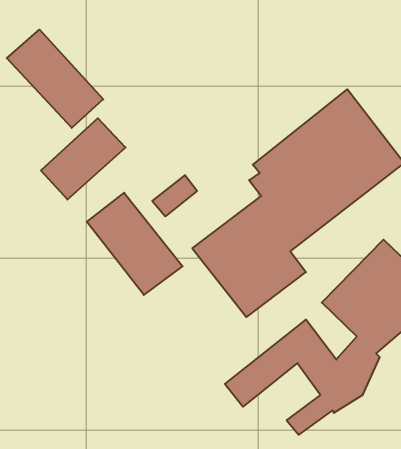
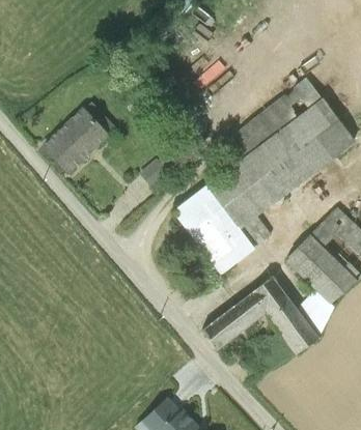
building: [7,30,103,128] -> none
building: [87,193,183,295] -> none

